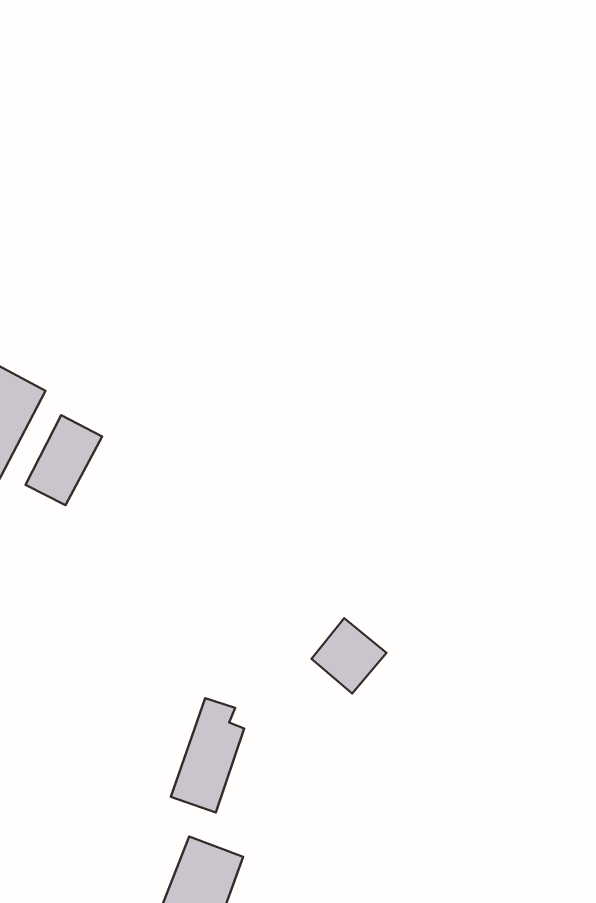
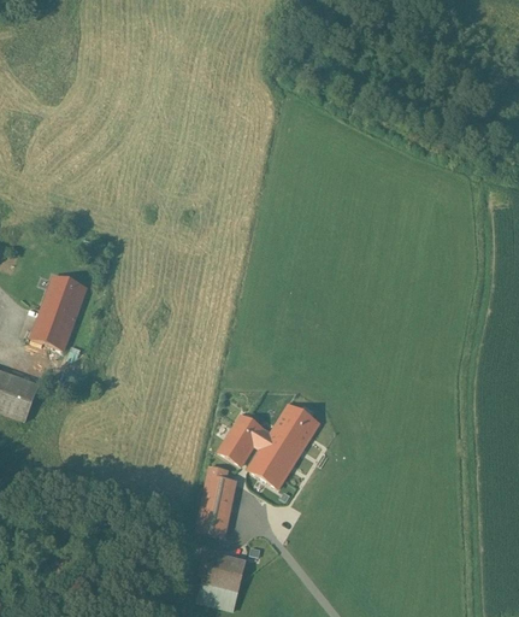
building: [26,415,102,505] -> none
building: none -> [219,415,299,486]

